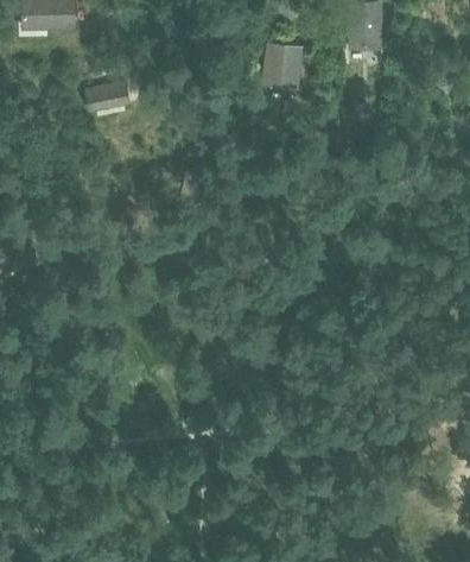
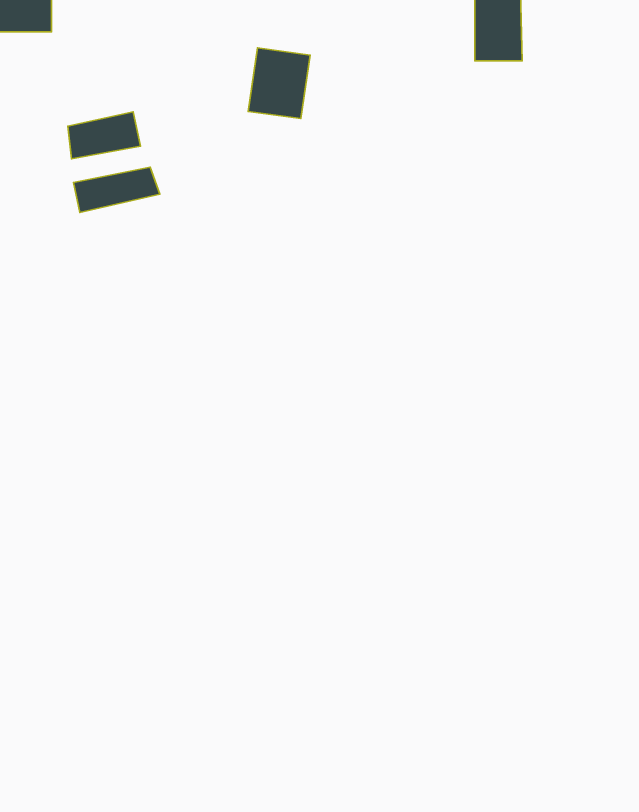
building: [261,42,301,88] -> [248,48,310,119]
building: none -> [73,167,160,213]

